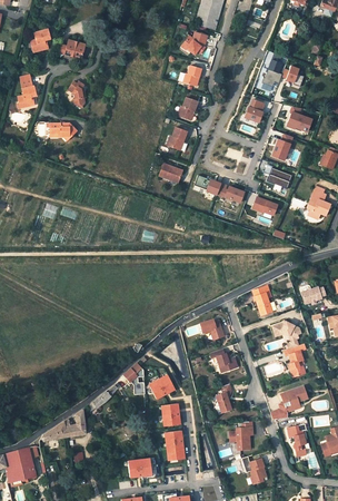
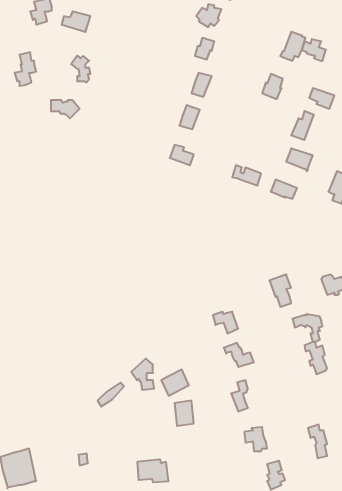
building: [270,386,307,420] -> none
building: [40,410,86,441] -> none
building: [167,430,186,460] -> none

